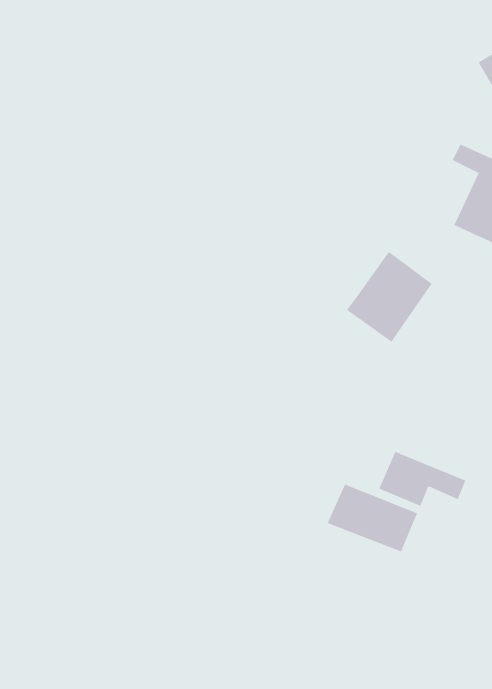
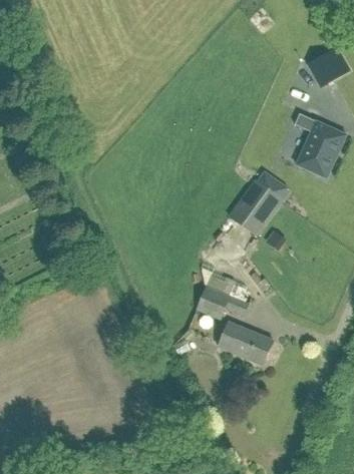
building: [378,451,466,506] -> [195,285,249,319]

